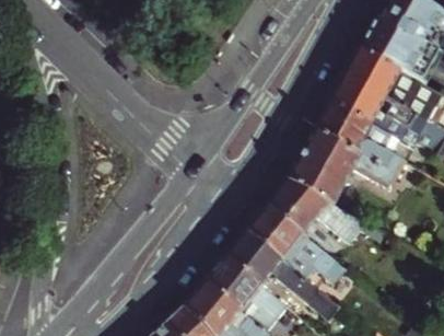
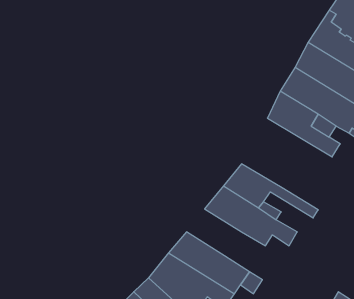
building: [287,130,405,207] -> none
building: [226,230,350,309] -> none

